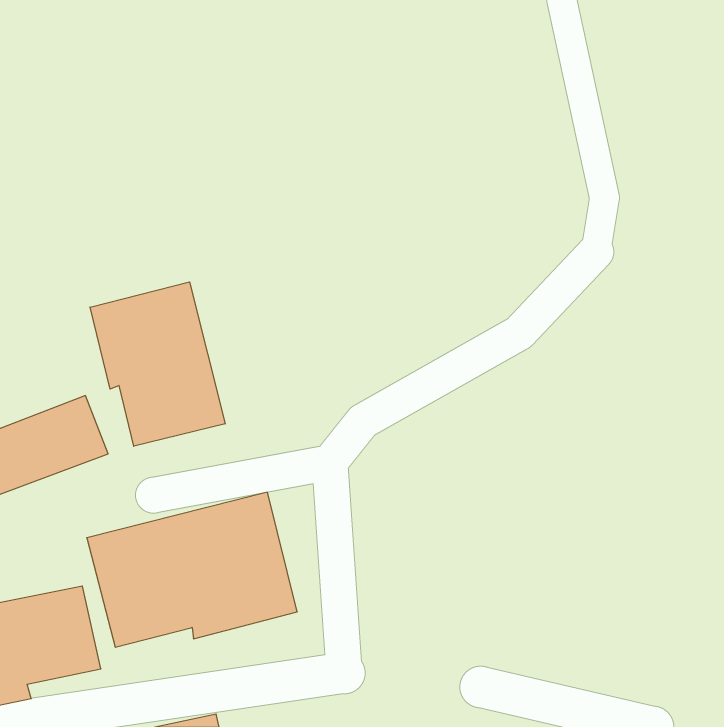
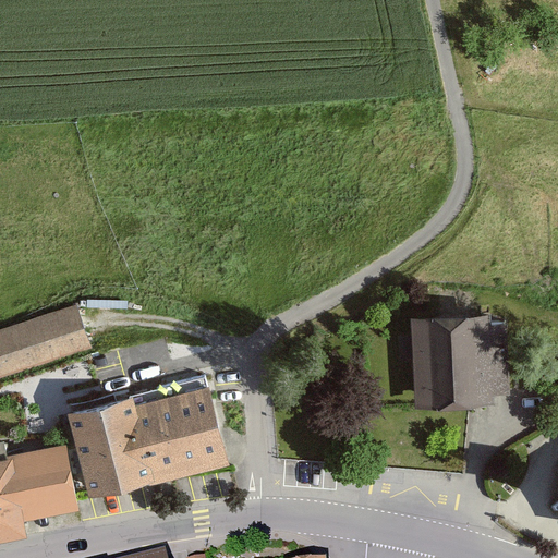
building: [90,282,225,446] -> none
building: none -> [409,313,511,413]

